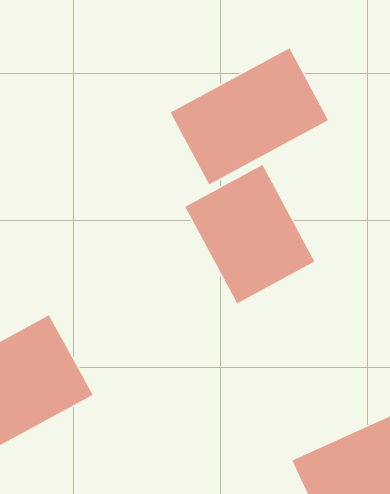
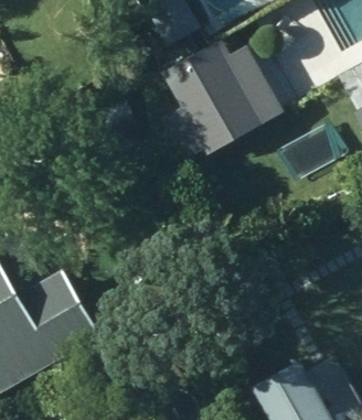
building: [184,164,316,304] -> none

